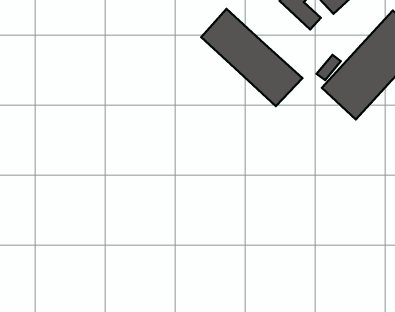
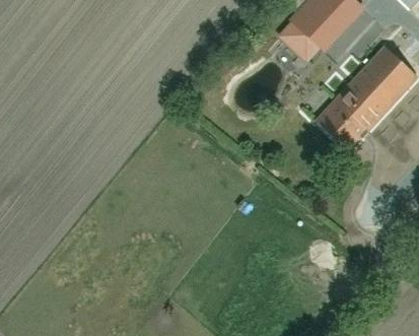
building: [201,9,302,106] -> none

